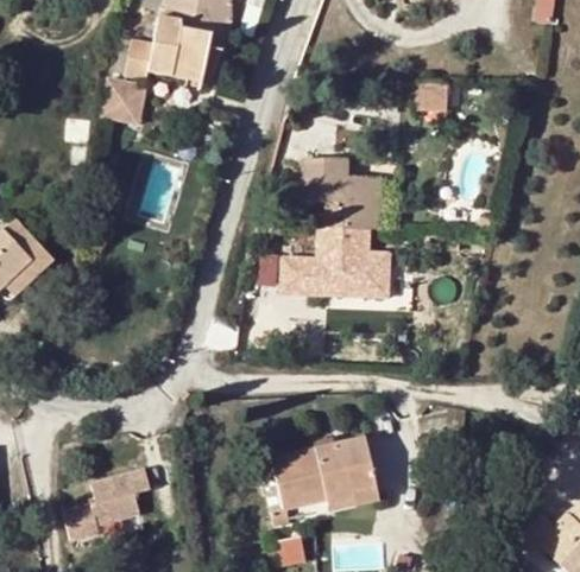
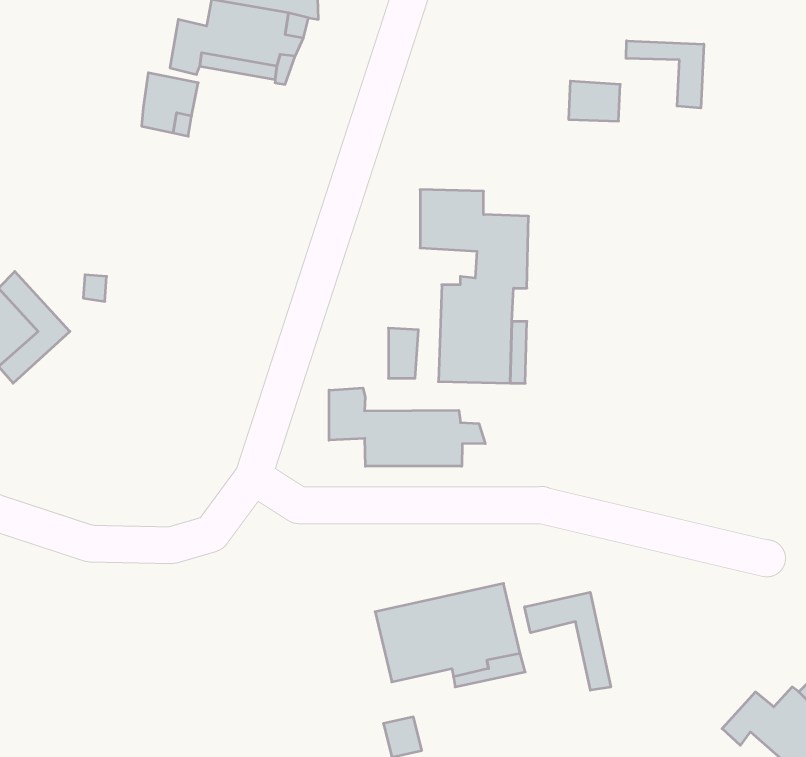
building: none -> [626,41,704,108]
building: none -> [329,388,485,466]
building: none -> [525,592,611,690]
building: [63,470,152,541] -> none

